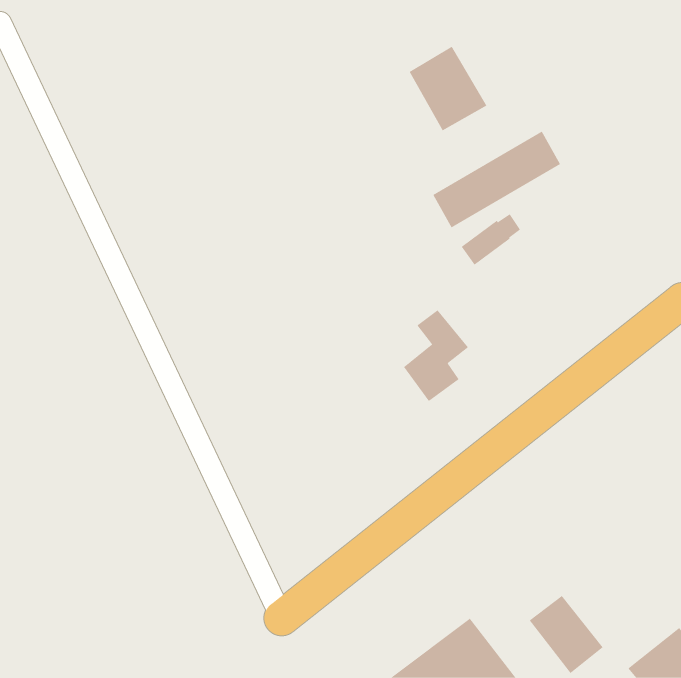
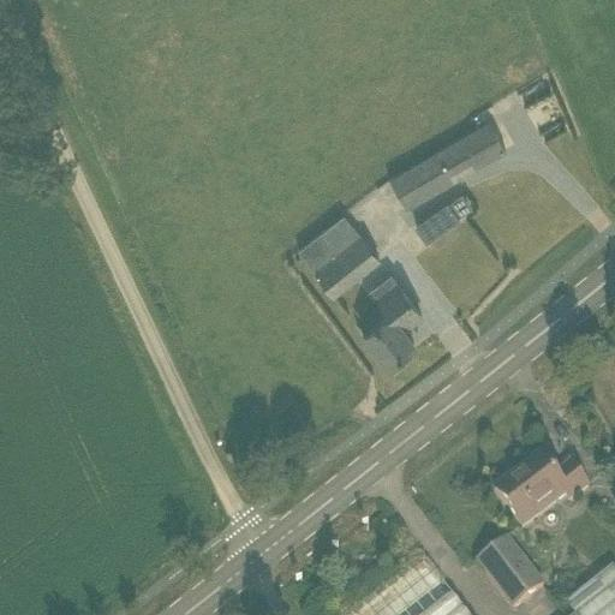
building: [409,46,487,131] -> none
building: none -> [301,226,381,293]
building: none -> [495,454,589,525]

